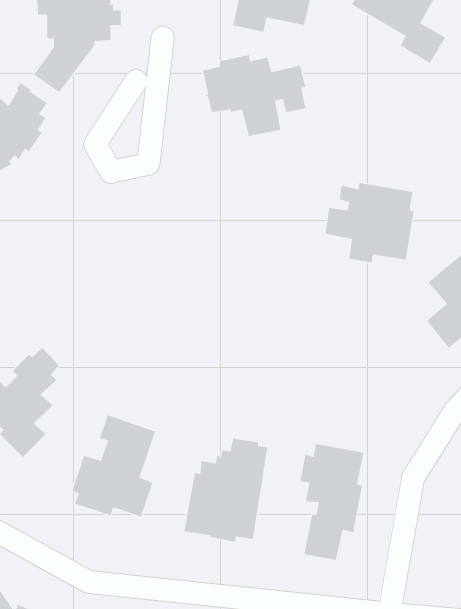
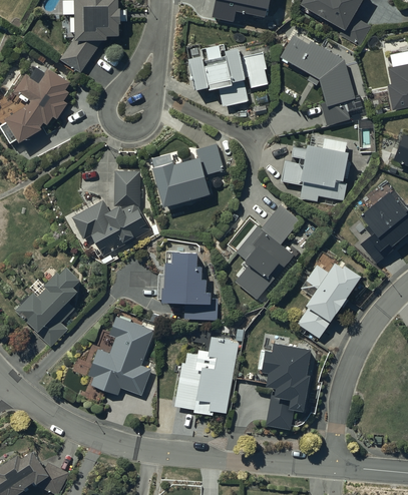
building: none -> [282,39,362,127]
building: none -> [154,147,226,210]
building: none -> [72,170,150,256]
building: none -> [234,203,300,299]
building: none -> [161,249,218,320]
building: none -> [295,259,362,337]

